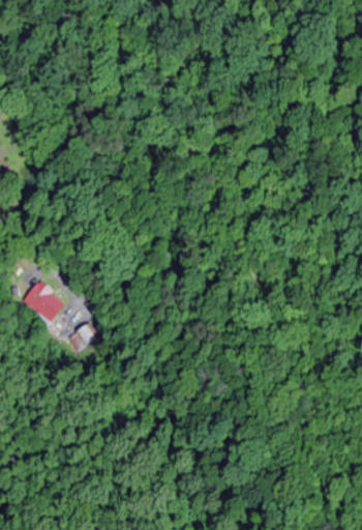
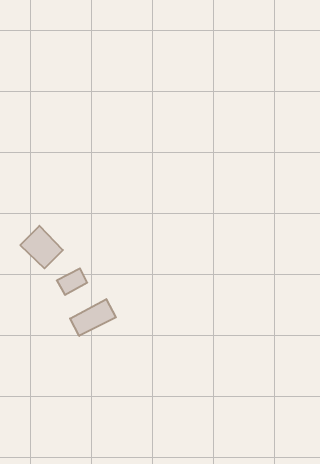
building: none -> [70,299,116,336]

